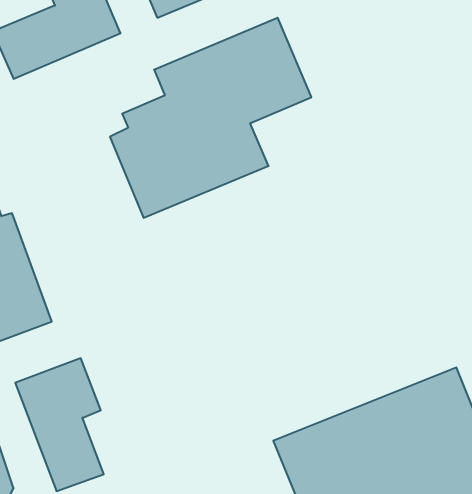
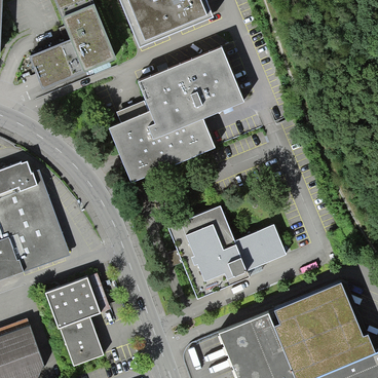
building: none -> [168,206,286,297]

